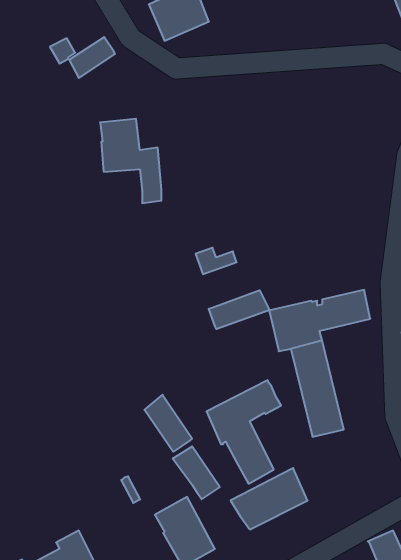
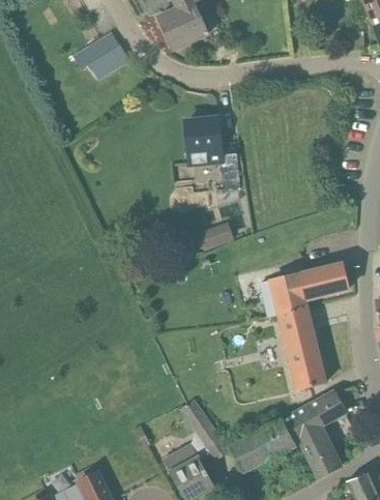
building: [100,119,161,203] -> [186,117,239,189]
building: [209,290,269,329] -> none
building: [206,380,281,484] -> [282,389,346,478]
building: [144,395,192,452] -> none

